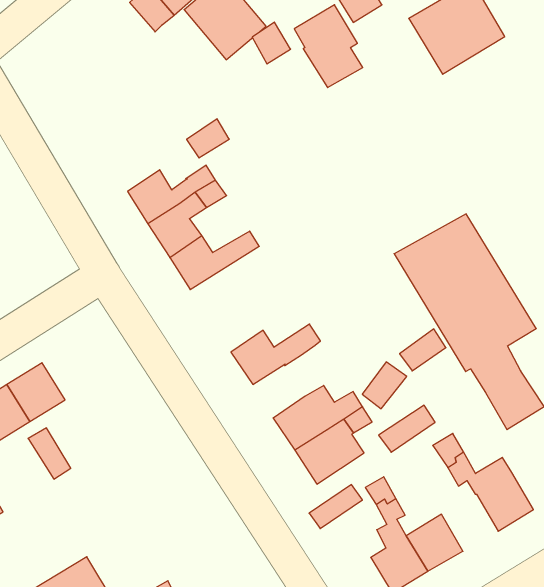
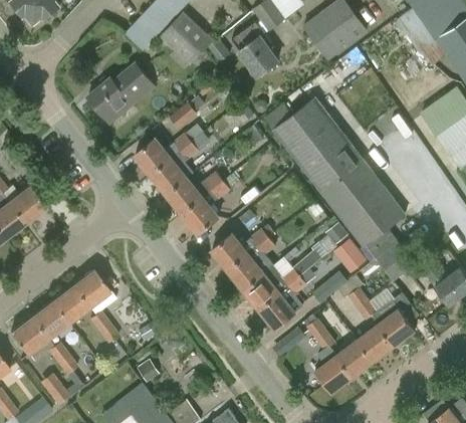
building: none -> [87,63,155,124]
building: none -> [263,97,353,177]
building: none -> [182,181,229,233]
building: none -> [228,237,274,289]
building: none -> [334,236,370,272]
building: none -> [357,325,394,362]

